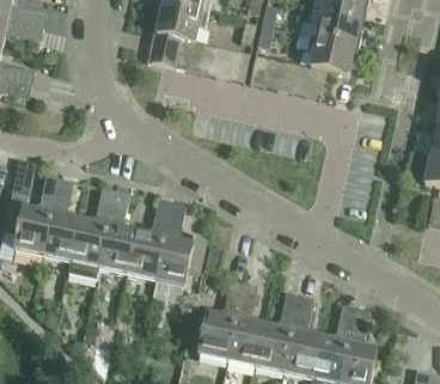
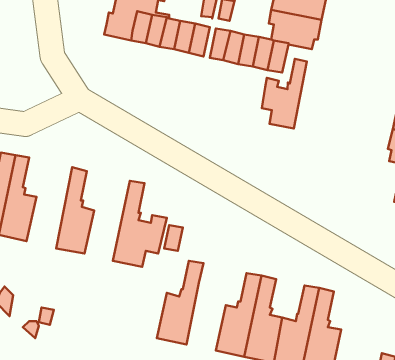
building: none -> [262,59,307,129]
building: [71,185,116,276] -> none
building: [128,197,172,279] -> none
building: [227,281,265,366] -> none

